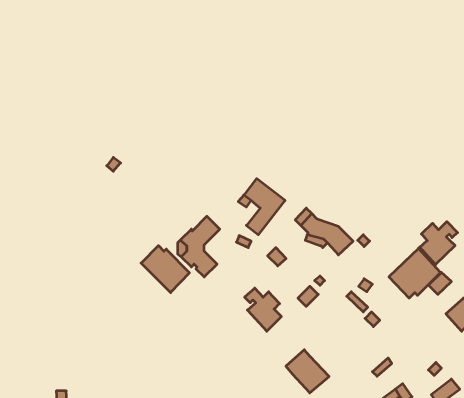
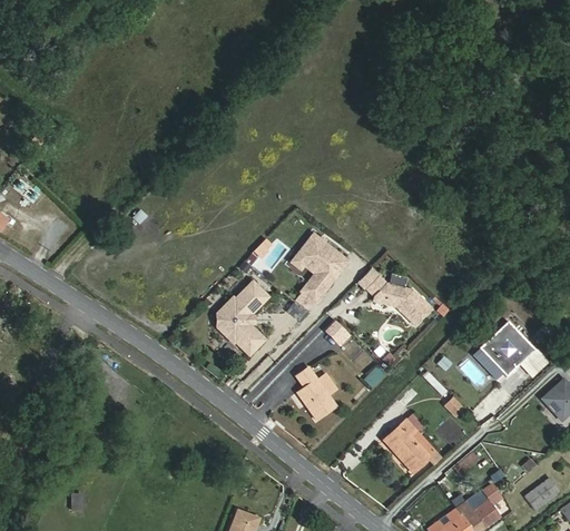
building: [420,222,458,265] -> none
building: [141,246,189,293] -> none
building: [286,350,329,393] -> [383,420,435,472]

